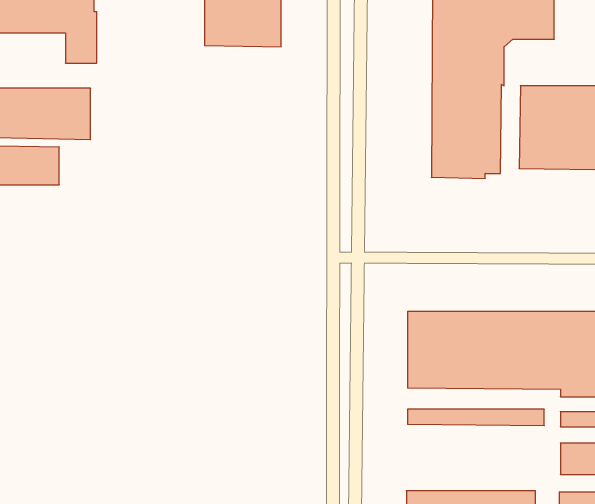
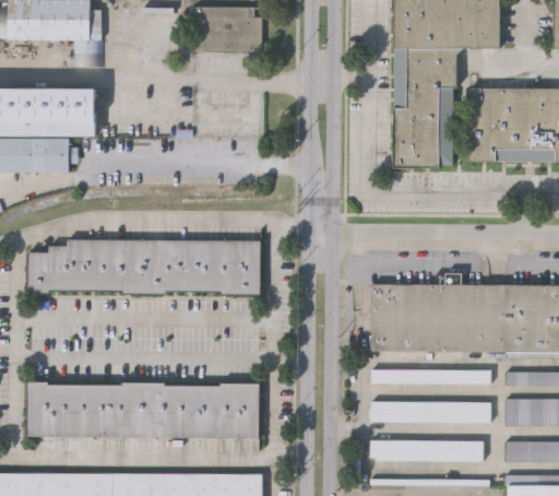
building: none -> [28,239,260,295]
building: none -> [28,381,259,438]
building: none -> [372,401,491,422]

